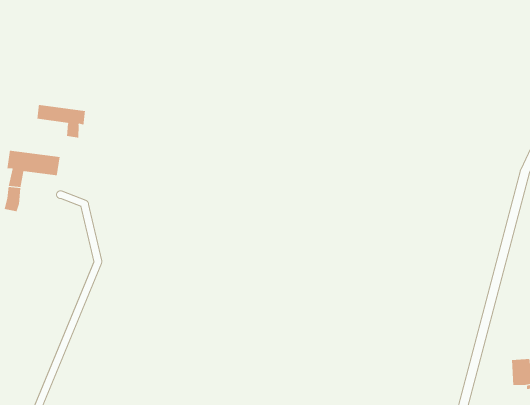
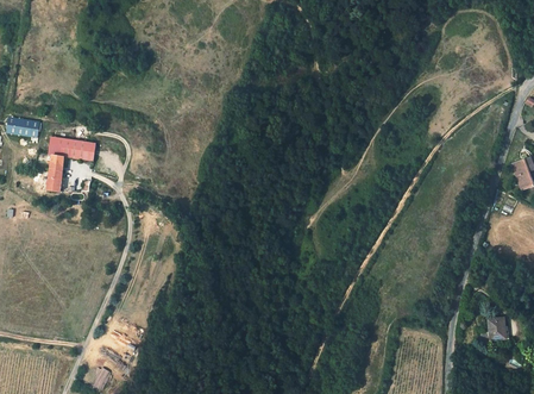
building: [37,104,86,138] -> none

